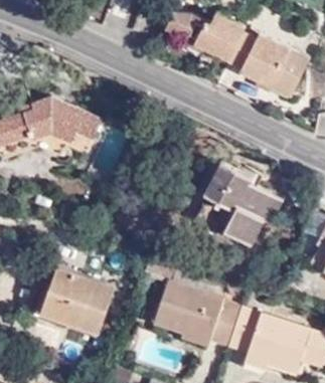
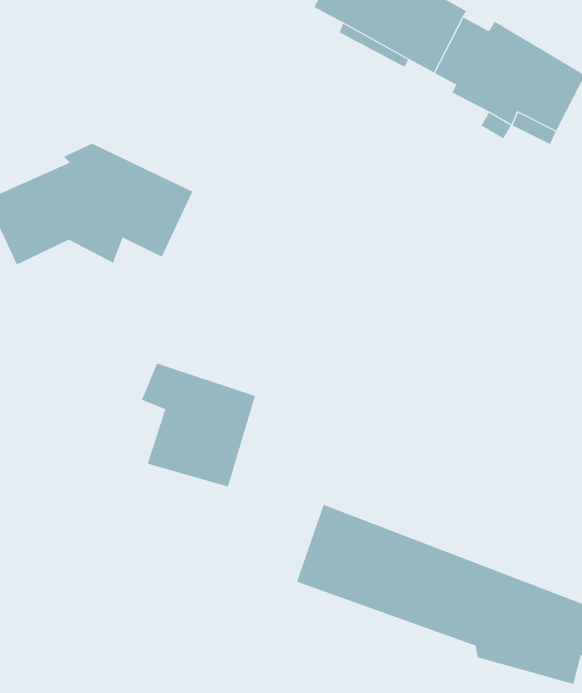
building: [208,165,293,247] -> none
building: [49,269,109,334] -> [141,363,256,487]

